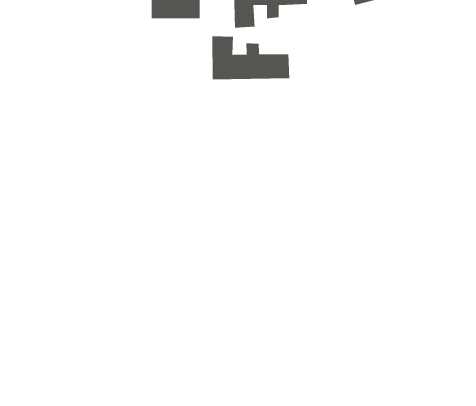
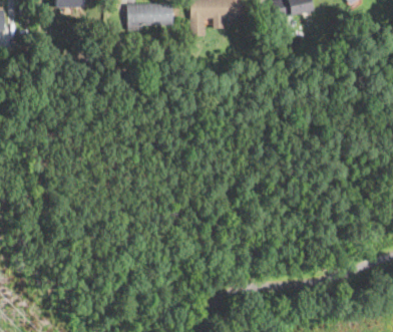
building: [211,36,290,80] -> none

